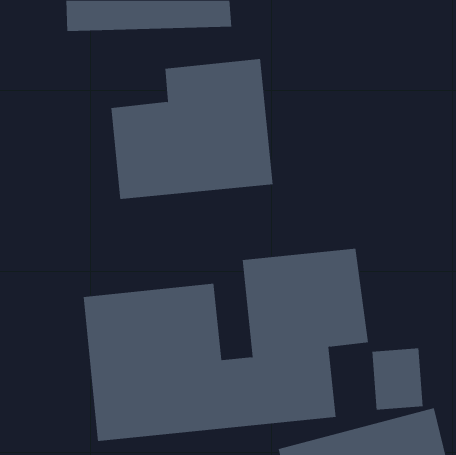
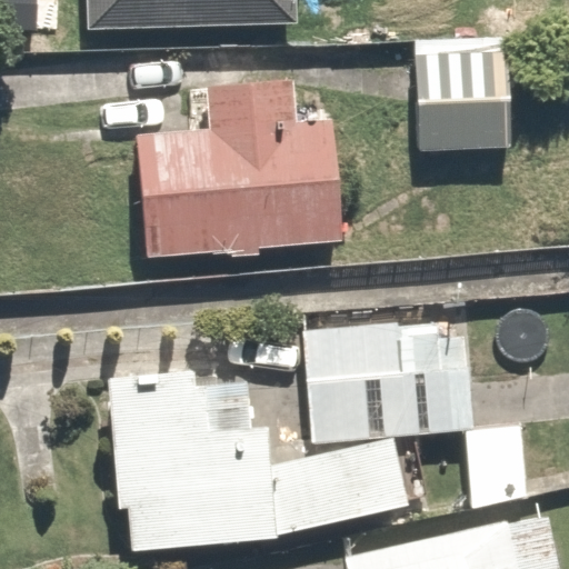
building: none -> [407,24,518,153]

